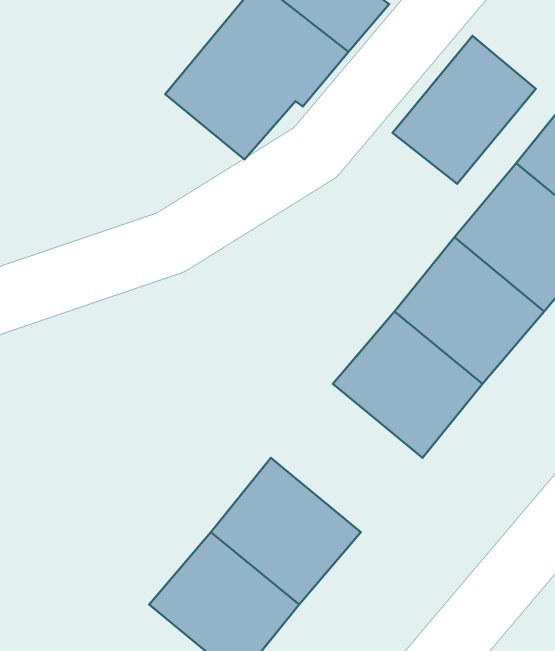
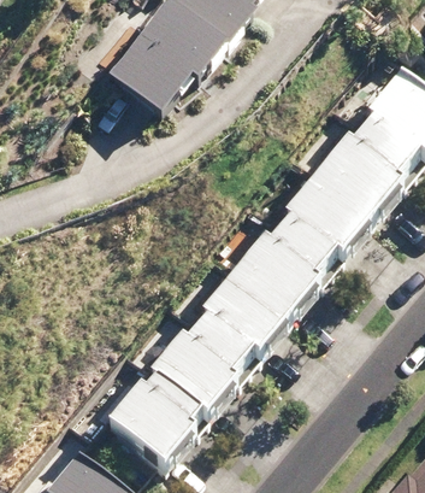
building: [393,36,536,184] -> none
building: none -> [188,275,291,376]

